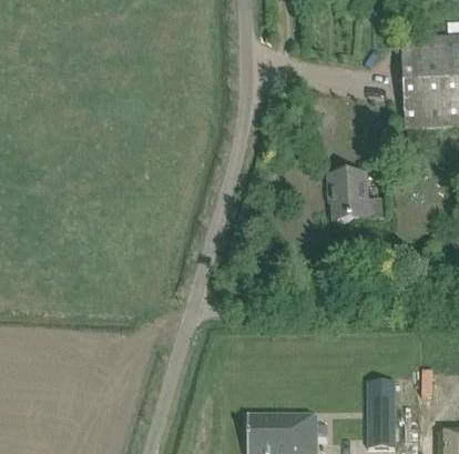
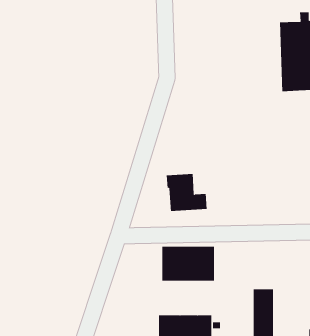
building: [329,172,382,221] -> [166,173,207,212]
building: none -> [162,246,214,282]

